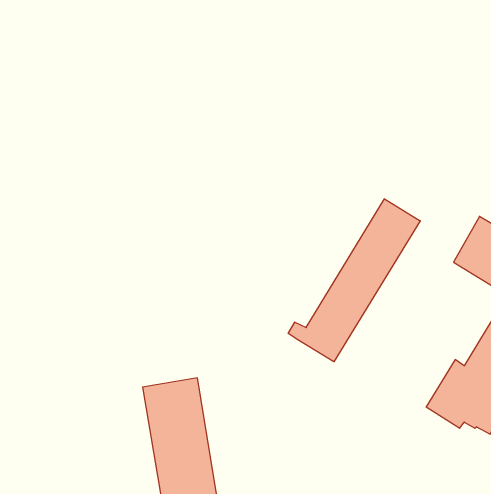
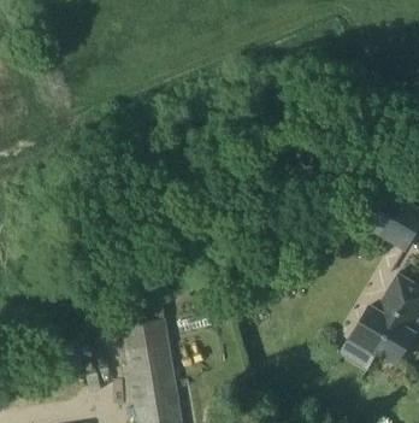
building: [288,199,420,362] -> none

